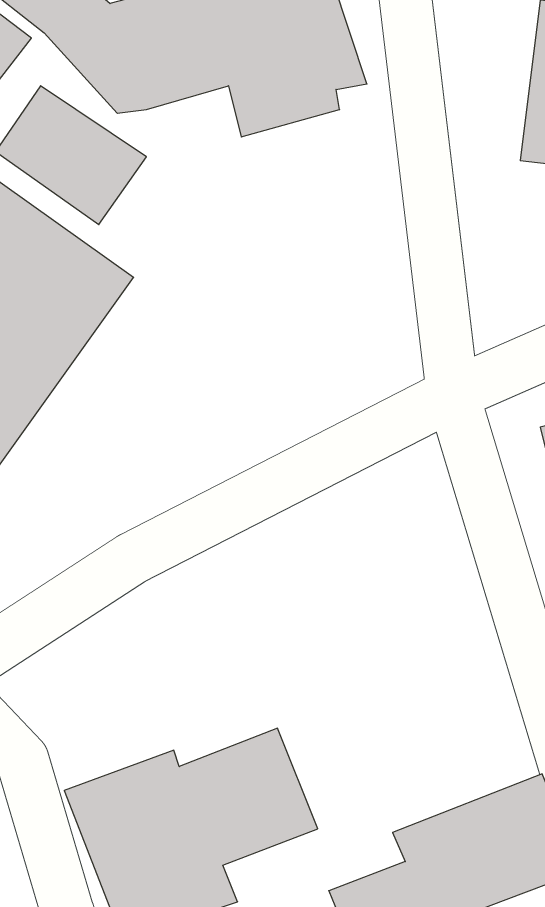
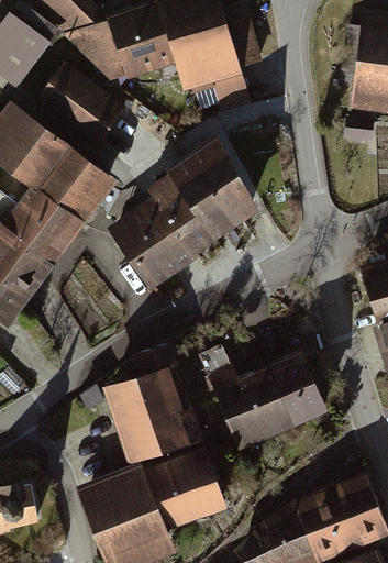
building: none -> [108,132,267,289]
building: none -> [207,354,332,454]
building: none -> [102,366,202,464]

